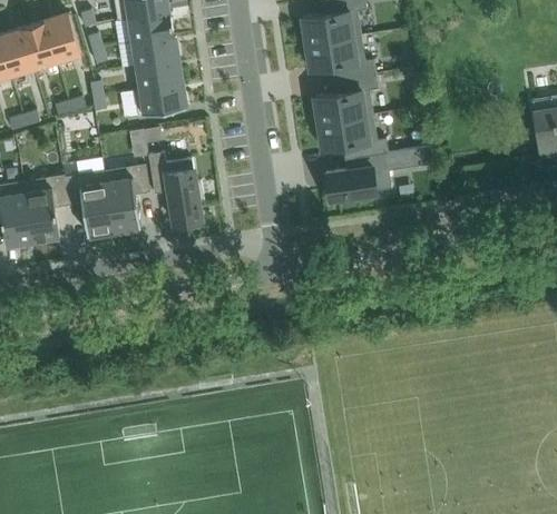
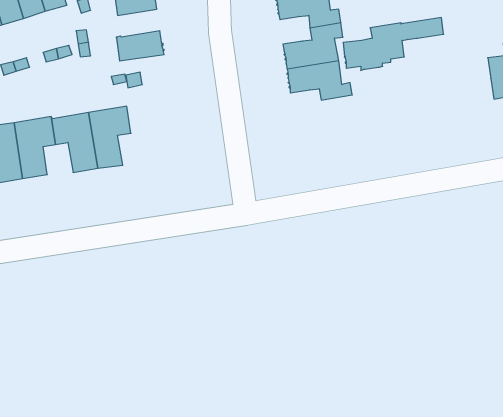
building: [134,60,179,90] -> none
building: [324,147,432,204] -> [343,18,444,70]
building: [147,154,203,225] -> none

